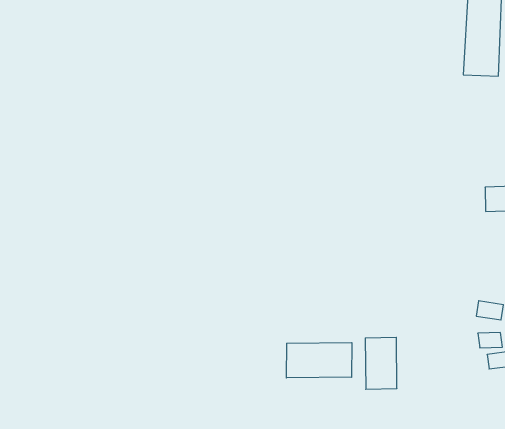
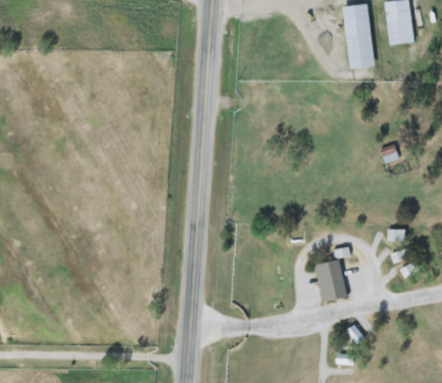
building: [286,343,352,378] -> none

